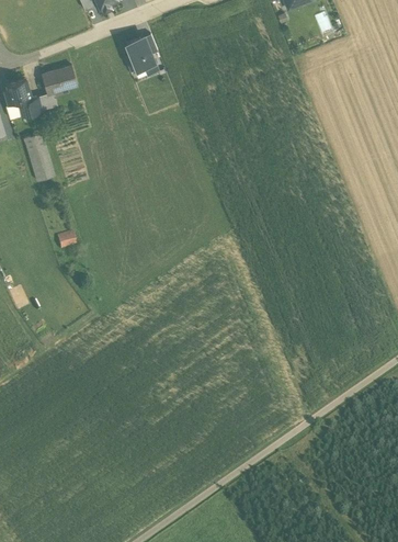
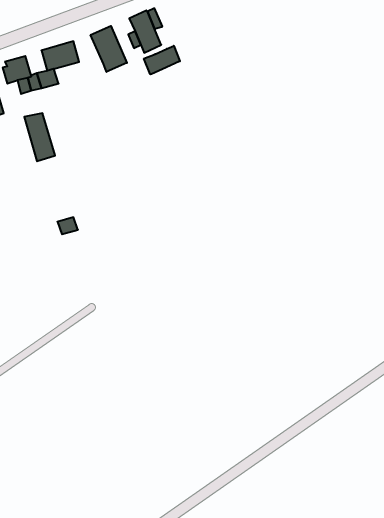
building: none -> [91,26,127,72]
building: none -> [144,46,180,74]

